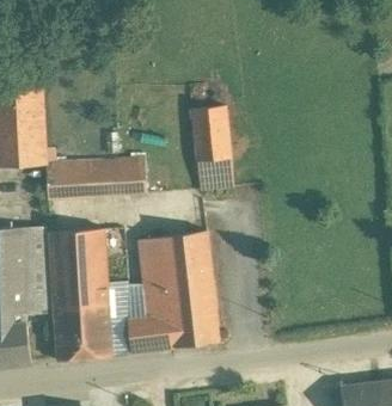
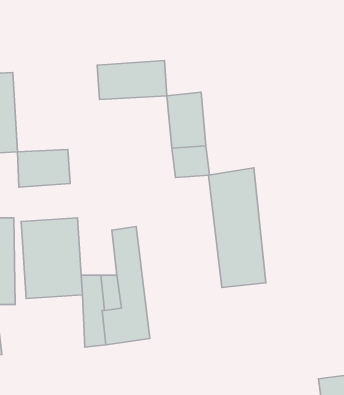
building: [96,156,164,195] -> [97,60,167,99]
building: [163,229,219,346] -> [208,168,266,288]
building: [55,303,112,358] -> none

